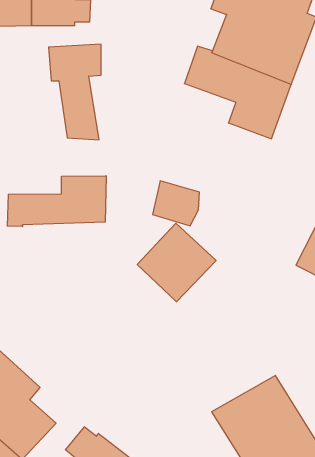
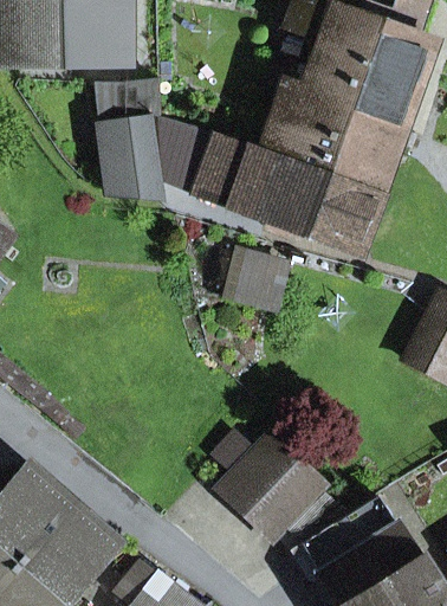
building: none -> [162,122,377,252]
building: [7,176,106,227] -> none
building: [137,223,216,302] -> [224,439,323,539]

